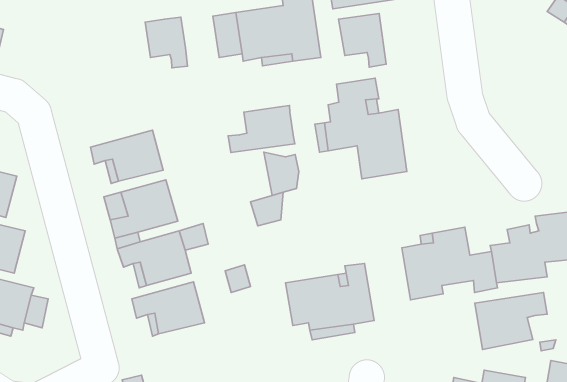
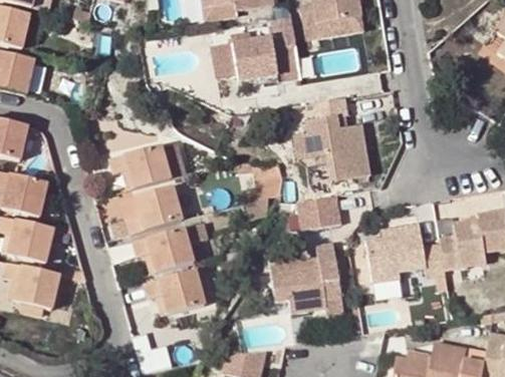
building: [339,14,386,67] -> none
building: [145,17,188,68] -> none
building: [228,105,295,152] -> none
building: none -> [300,198,347,229]
building: [475,293,547,349] -> none

